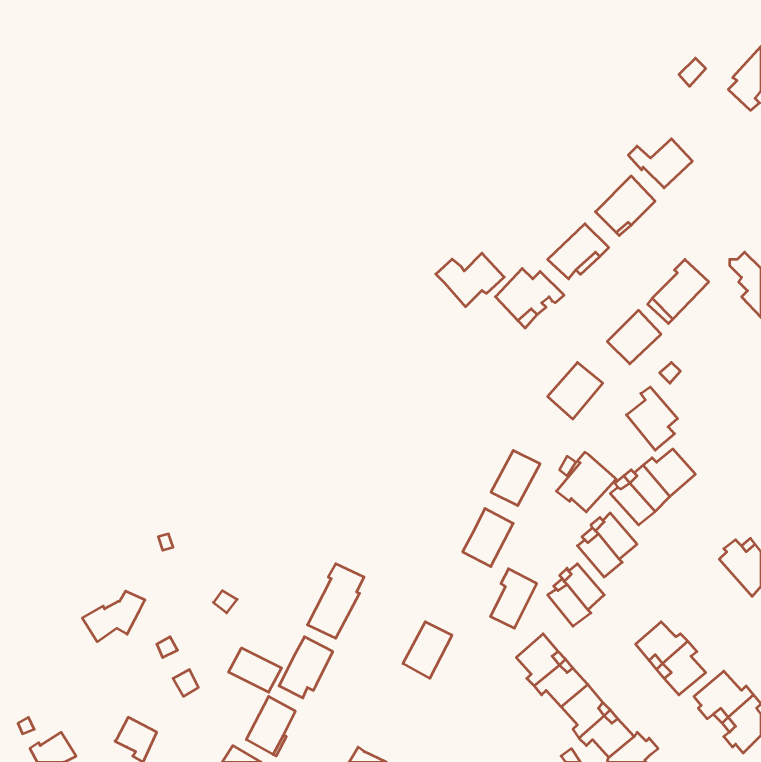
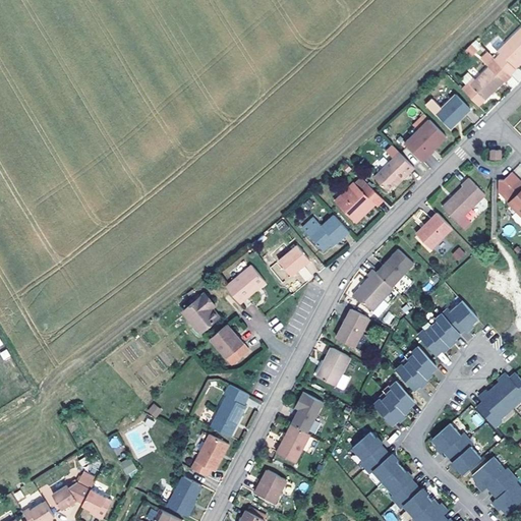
building: none -> [463,54,513,108]
building: [436,253,504,307] -> [304,217,351,253]
building: none -> [282,245,313,277]
building: [626,387,678,450] -> none
building: none -> [229,266,269,304]
building: none -> [185,295,221,334]
building: [556,452,616,512] -> [351,269,392,309]
building: none -> [214,325,252,365]
building: none -> [474,382,513,426]
building: [490,569,537,628] -> [290,392,322,432]
building: [82,591,145,642] -> [49,475,92,510]
building: [229,648,282,692] -> none
building: none -> [253,470,285,503]

